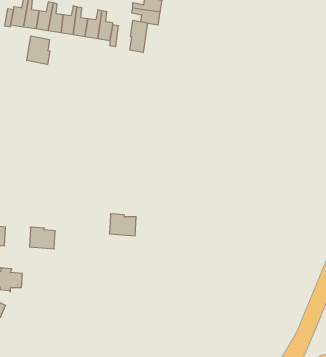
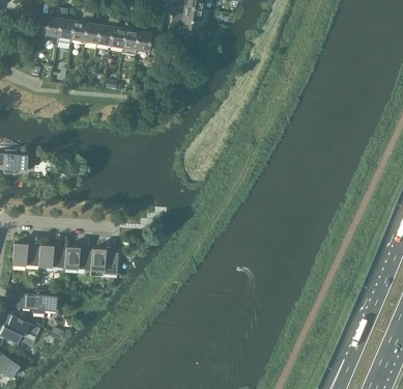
building: [130,20,148,53] -> none
building: [27,36,50,65] -> none
building: [109,214,136,236] -> [90,249,118,272]
building: none -> [38,245,65,268]

